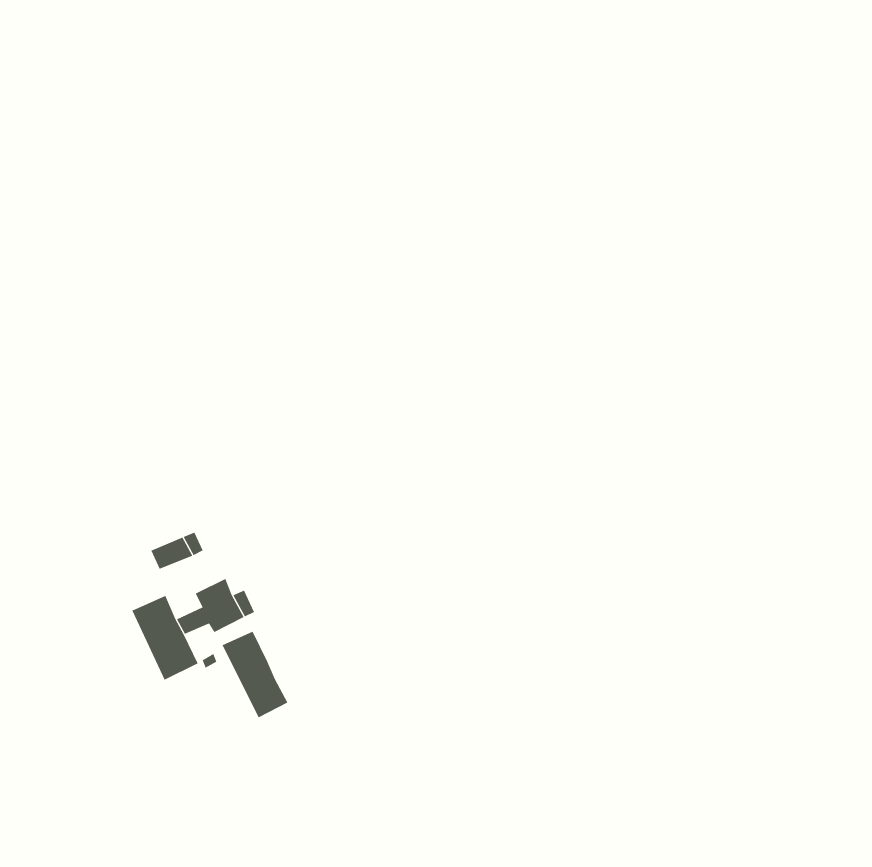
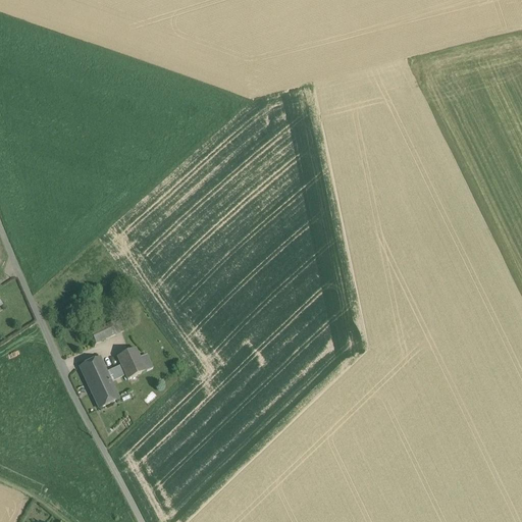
building: [222,631,288,718] -> none

